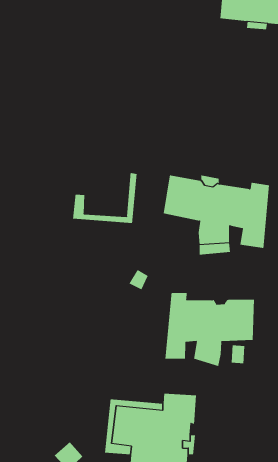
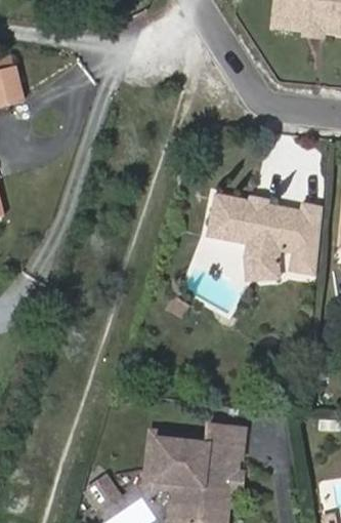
building: [72,172,137,224] -> none
building: [165,292,254,367] -> none

